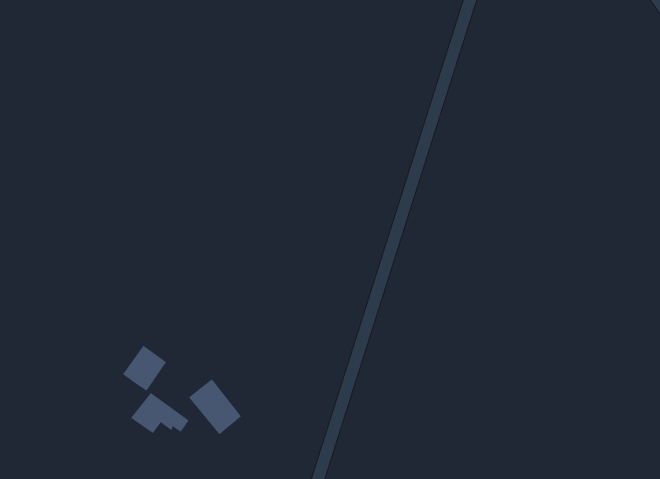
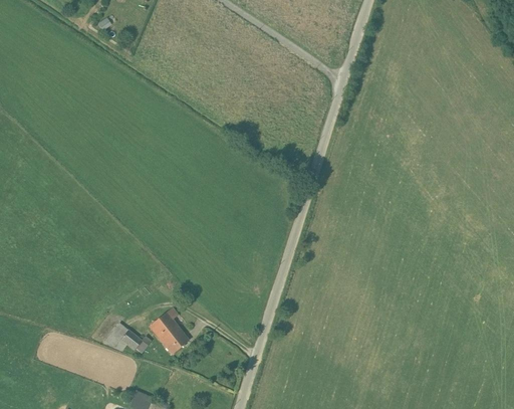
building: [122,345,167,391] -> none

